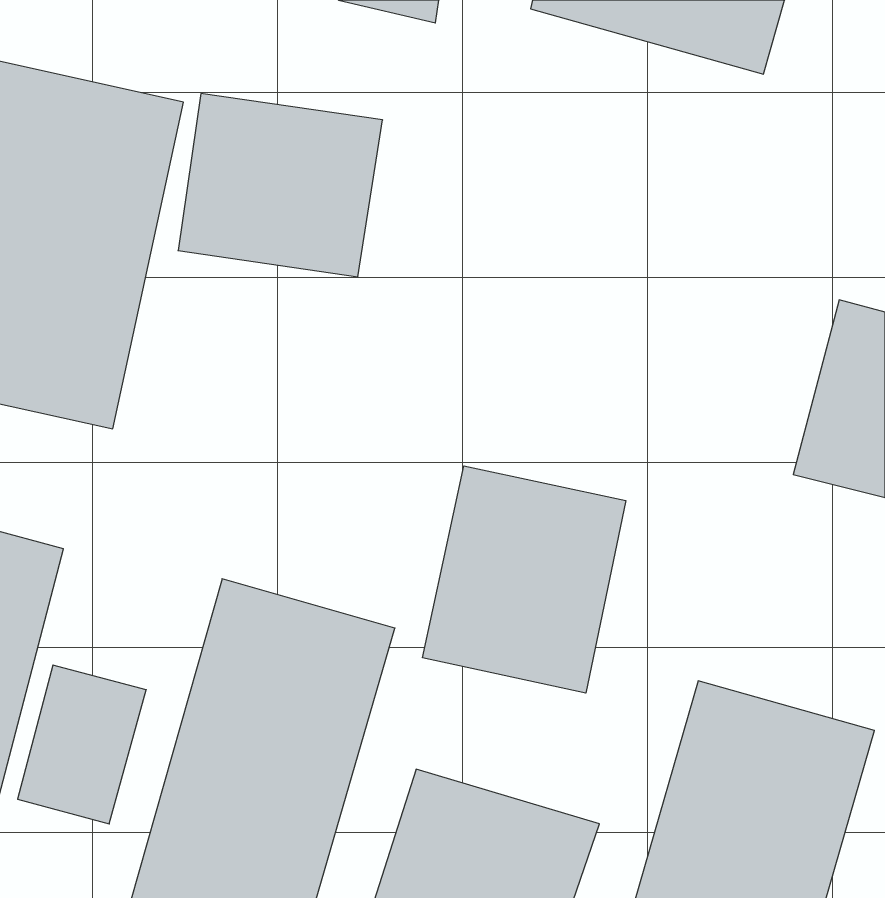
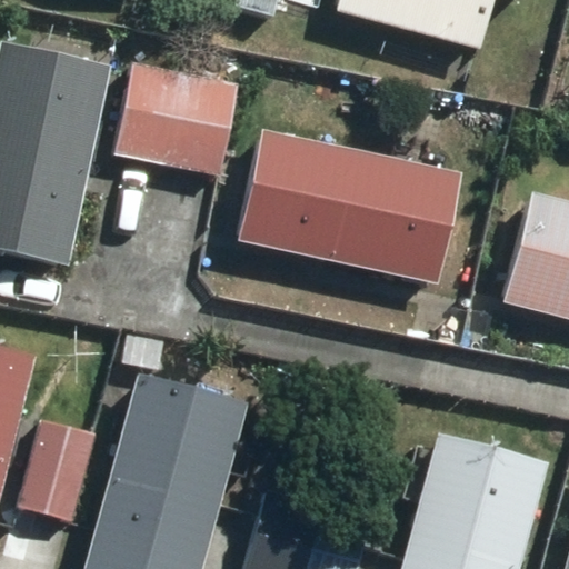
building: none -> [233,128,461,284]
building: [423,466,626,693] -> none

